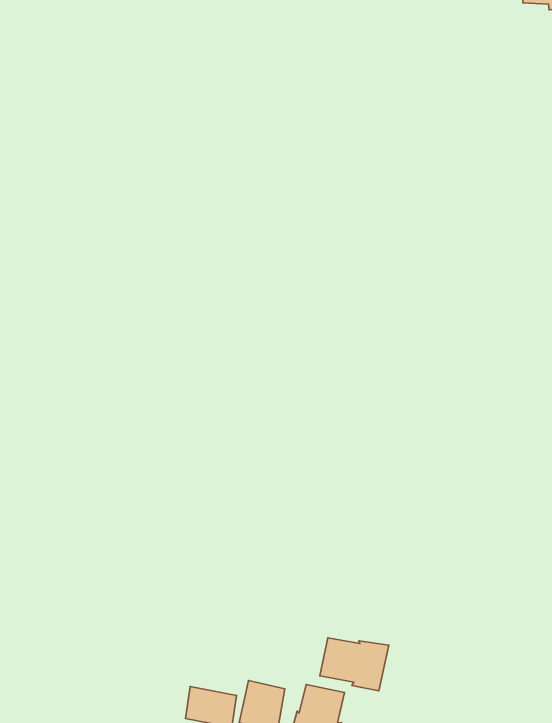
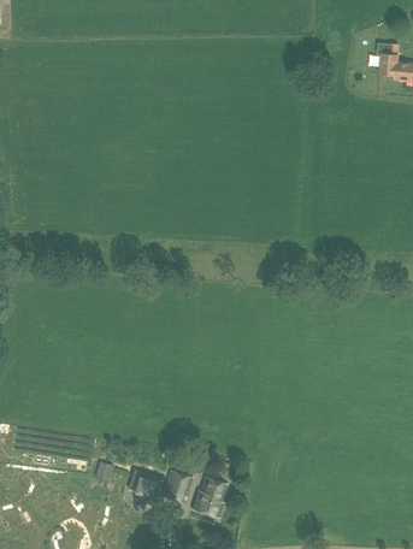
building: [320,638,389,691] -> none

